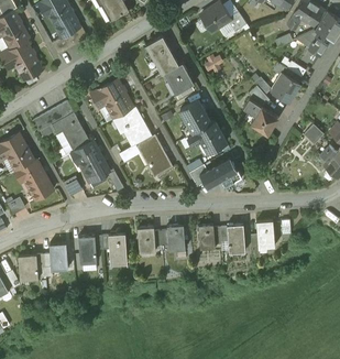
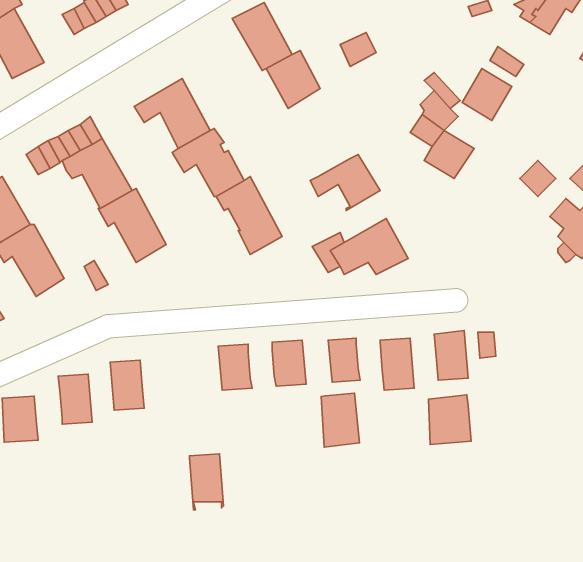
building: [180,100,210,133] -> none
building: [109,232,128,263] -> [189,454,223,510]
building: none -> [321,393,359,447]
building: none -> [428,395,471,445]

